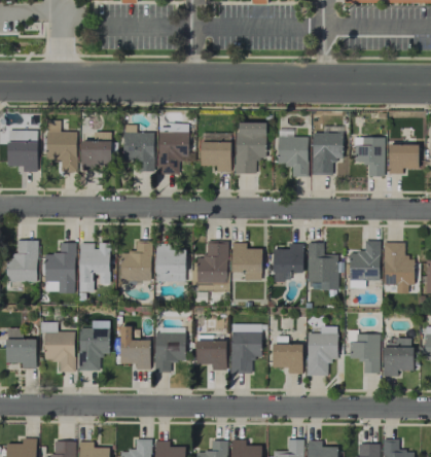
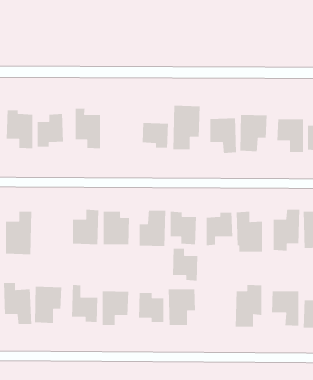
building: [157,124,187,174] -> none
building: [79,242,110,291] -> none
building: [273,336,302,374] -> [172,248,198,281]

